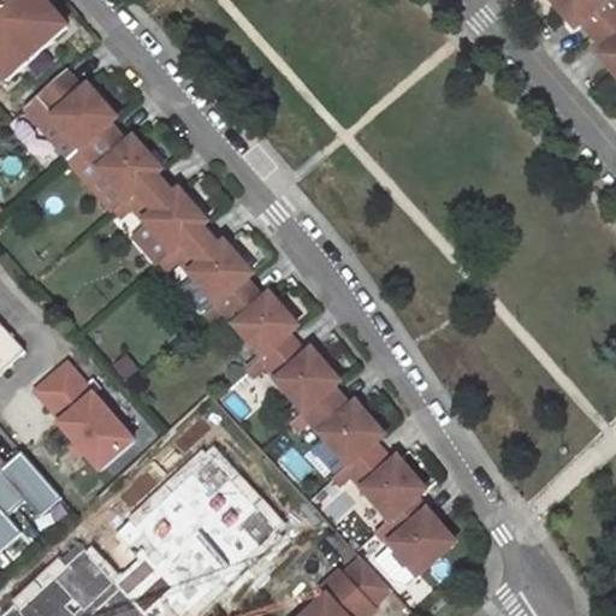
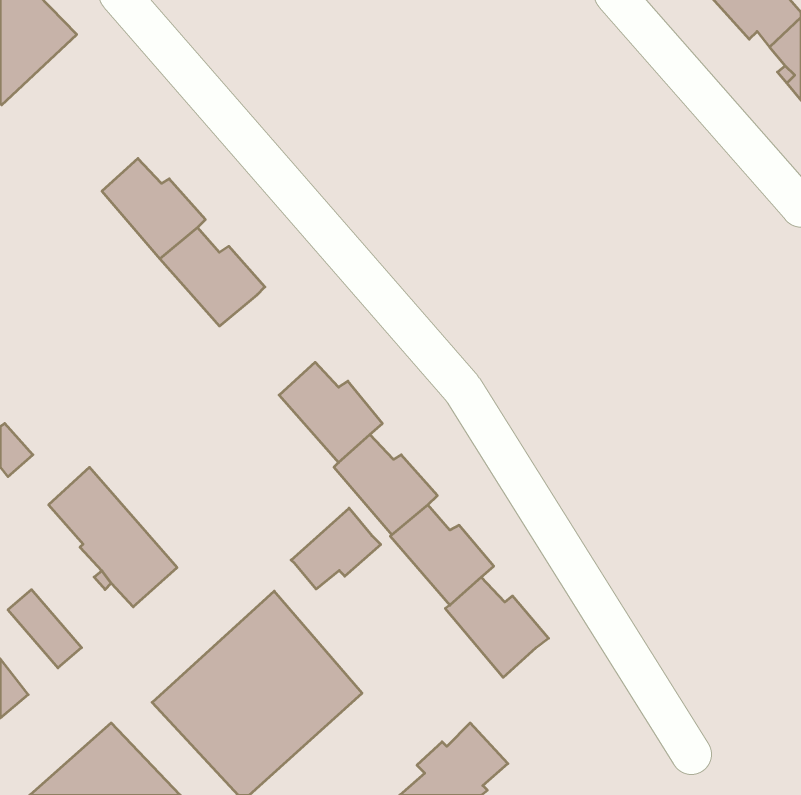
building: [32,70,112,147] -> none
building: [168,226,248,303] -> none
building: none -> [291,508,381,589]
building: [384,497,451,574] -> none

